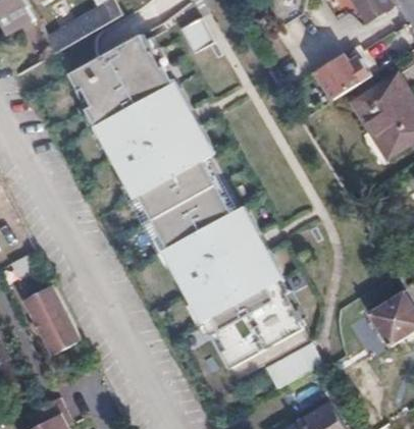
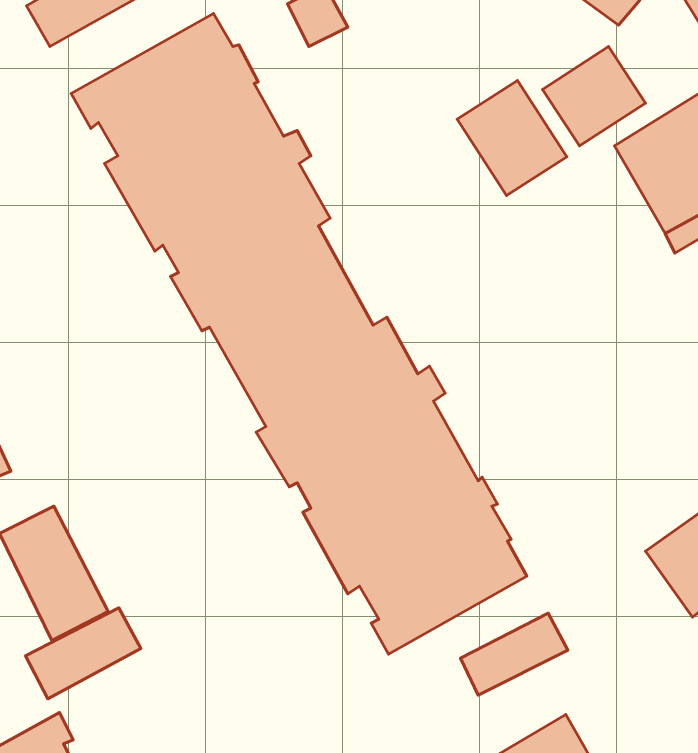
building: none -> [457,81,567,195]
building: none -> [25,608,141,699]

